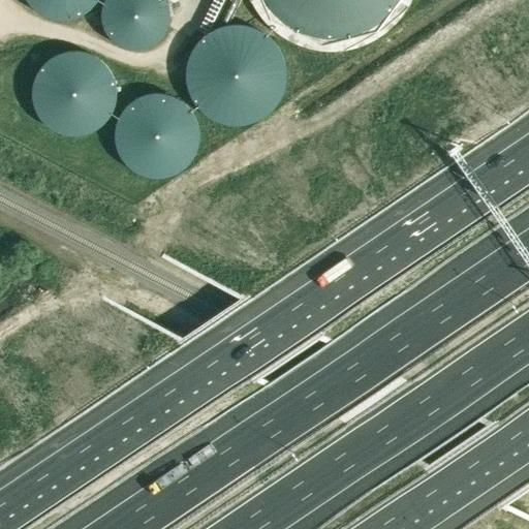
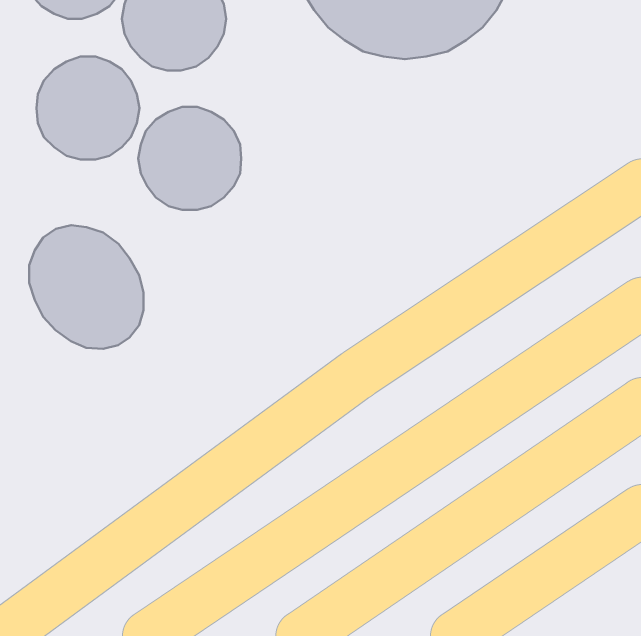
building: [194,29,279,113] -> none
building: none -> [29,225,143,349]

